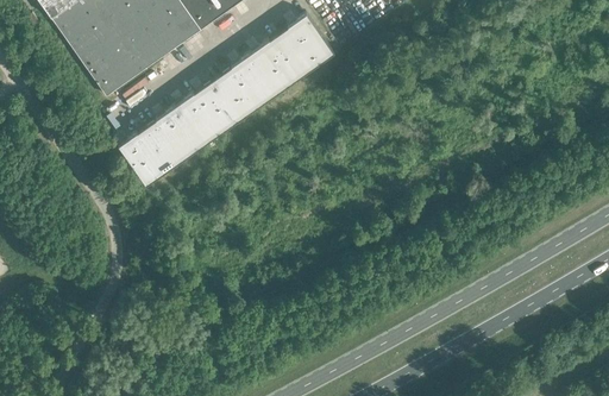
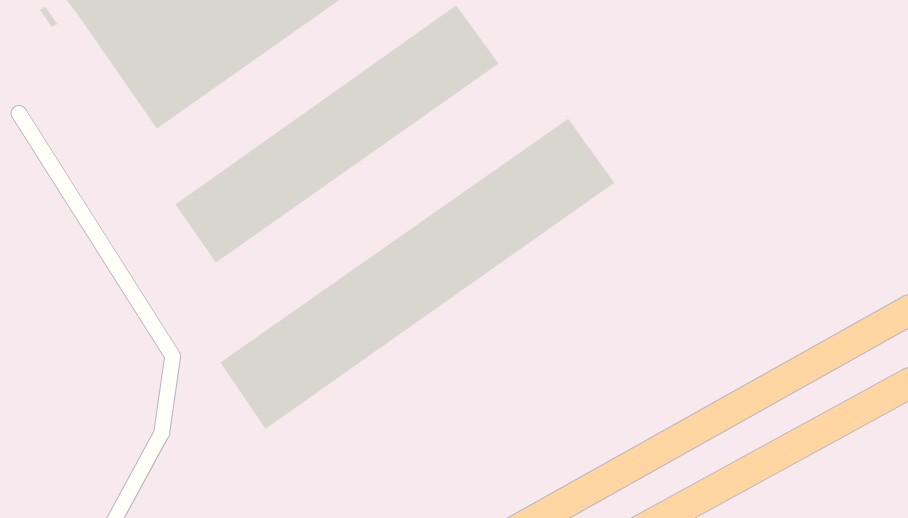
building: none -> [220,118,615,430]

